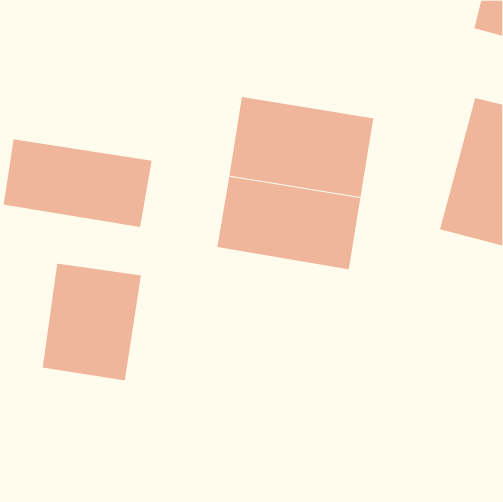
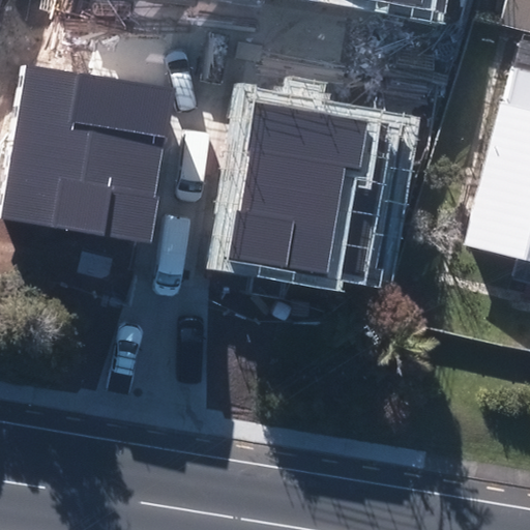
building: none -> [13,66,173,170]
building: [42,263,142,381] -> none

